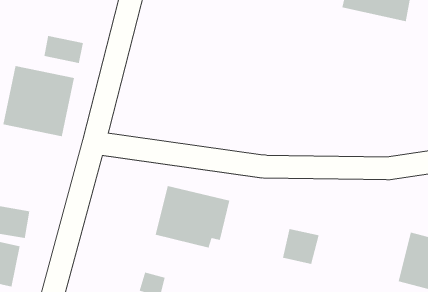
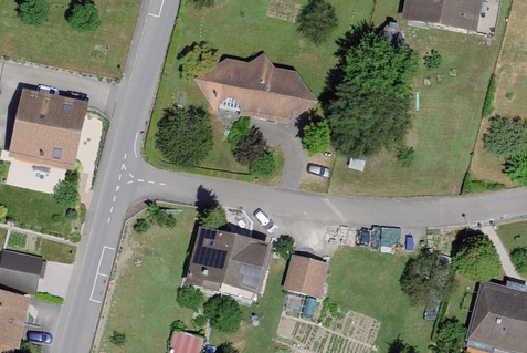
building: none -> [194,50,319,123]
building: [44,35,84,64] -> none
building: [282,228,319,265] -> [283,258,326,300]

